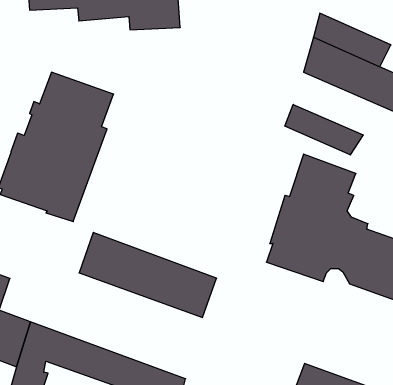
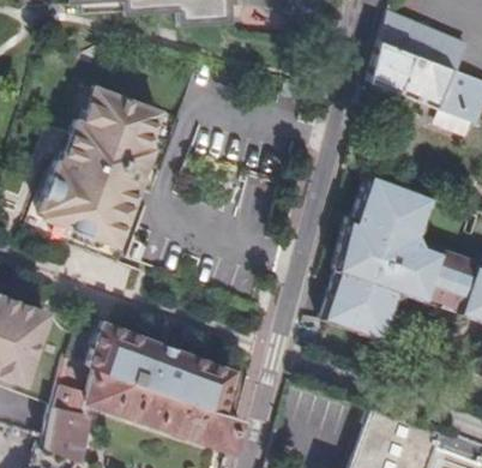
building: [285,104,363,155] -> none
building: [79,232,217,318] -> [85,317,236,410]
building: none -> [320,290,392,341]

